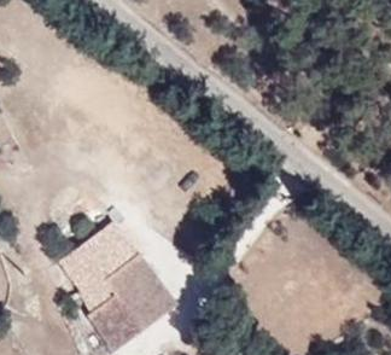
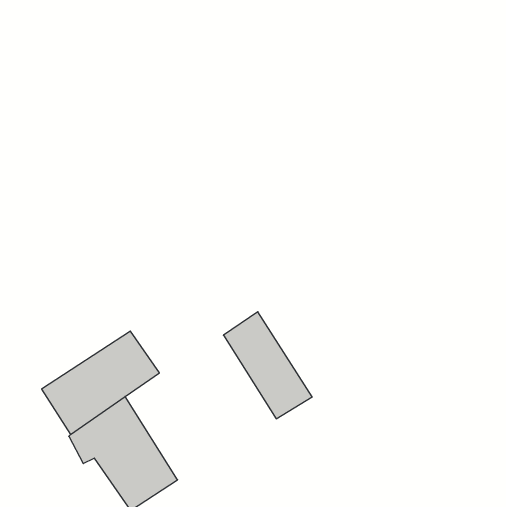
building: [111,260,170,331] -> [223,312,312,419]

